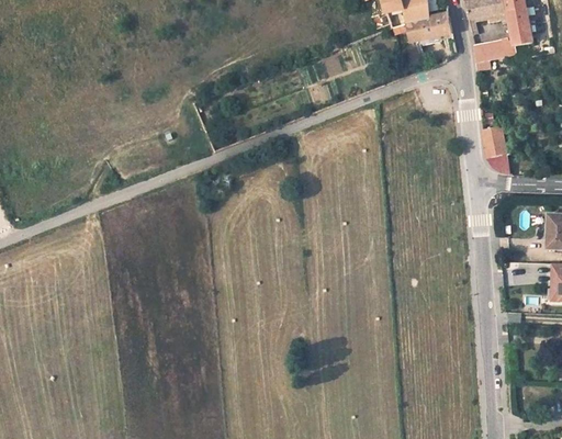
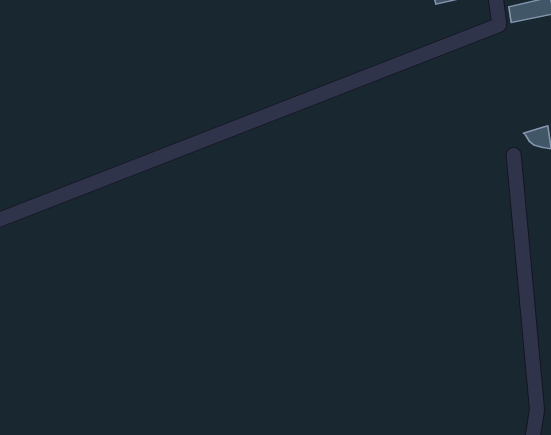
building: [482,127,505,160] -> none

